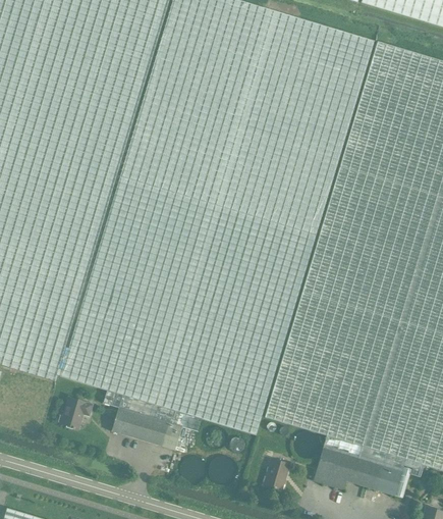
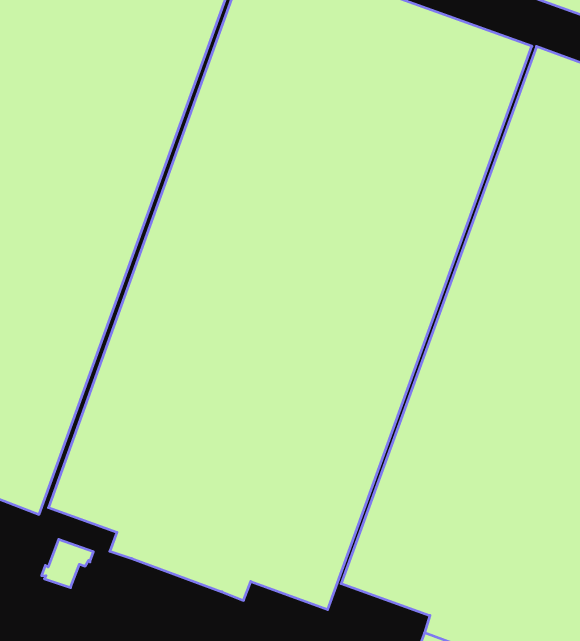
building: [112,407,182,450] -> none

